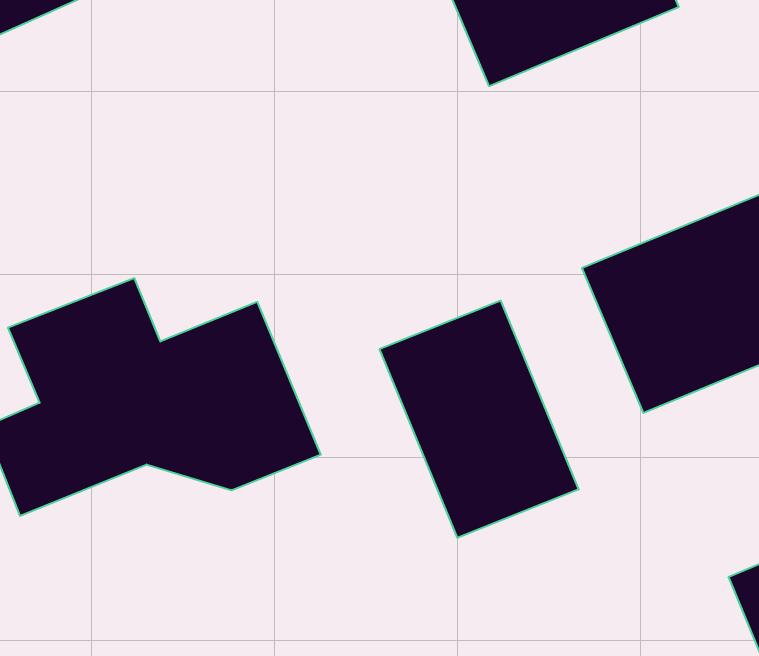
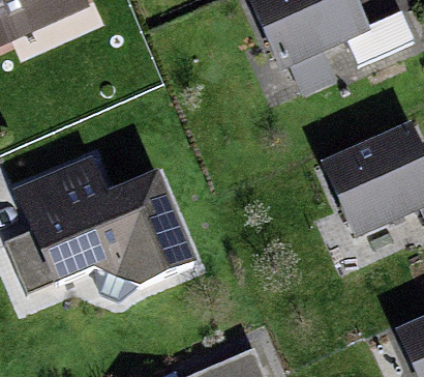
building: [380,301,579,538] -> none

